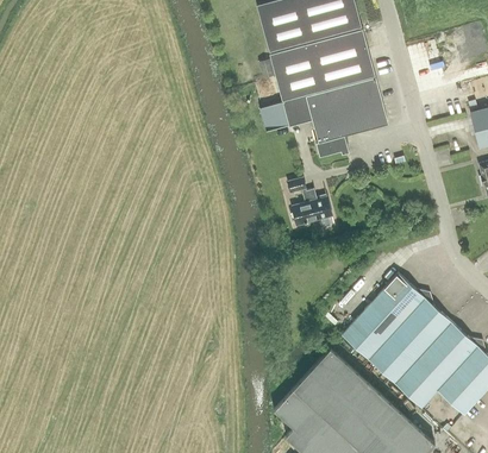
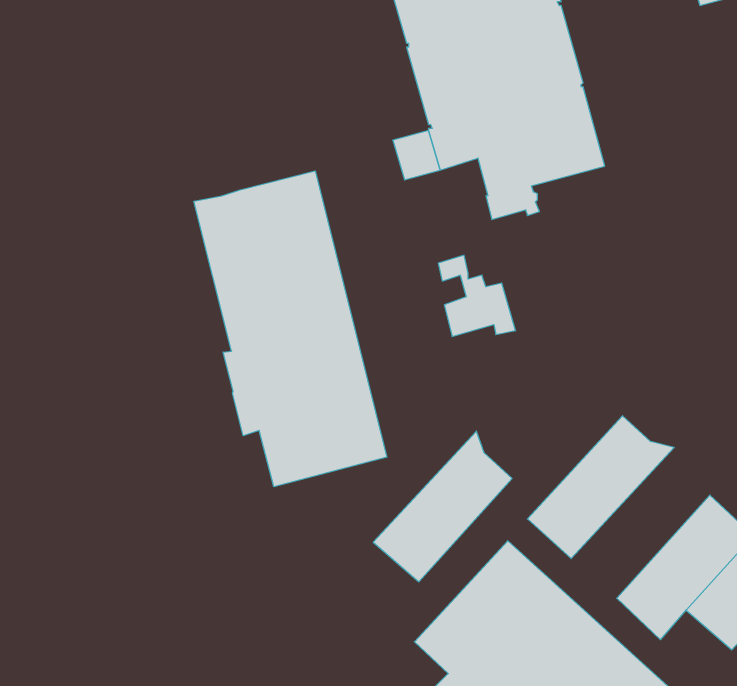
building: none -> [194,171,387,487]
building: [368,294,451,384] -> [373,431,512,582]

